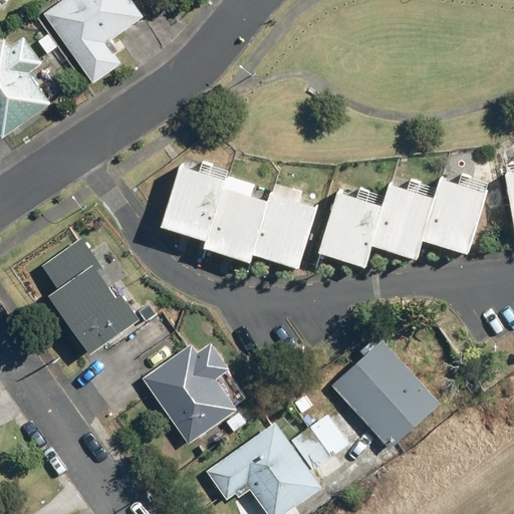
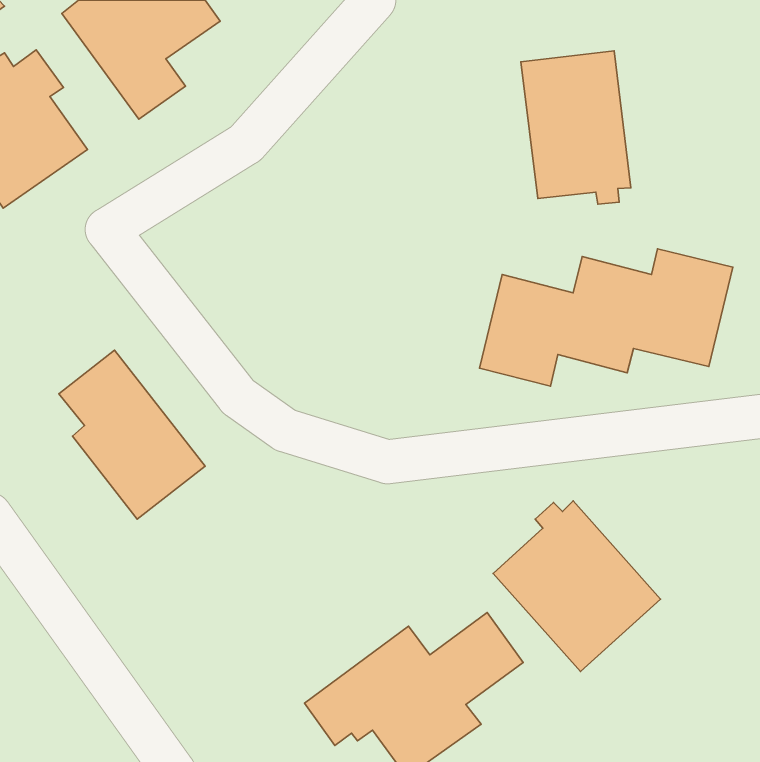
building: none -> [521,51,631,204]
building: [164,162,319,266] -> none
building: [140,342,243,446] -> none

